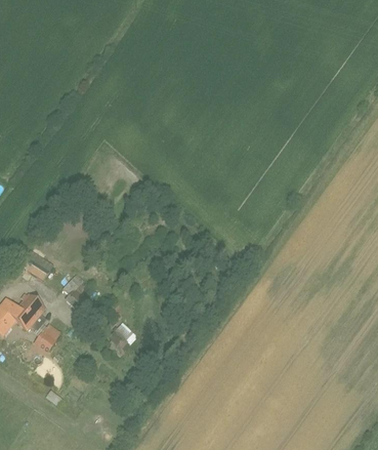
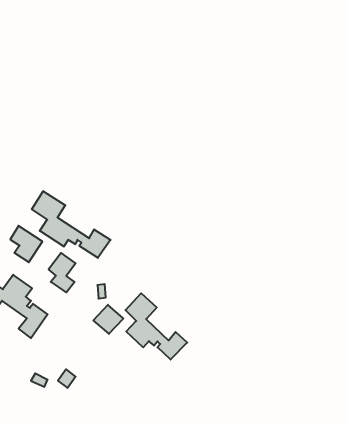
building: none -> [32,191,111,258]
building: none -> [125,293,187,360]

